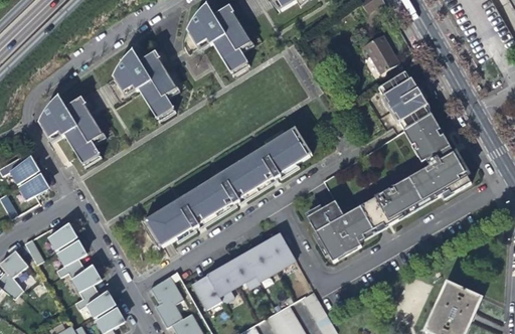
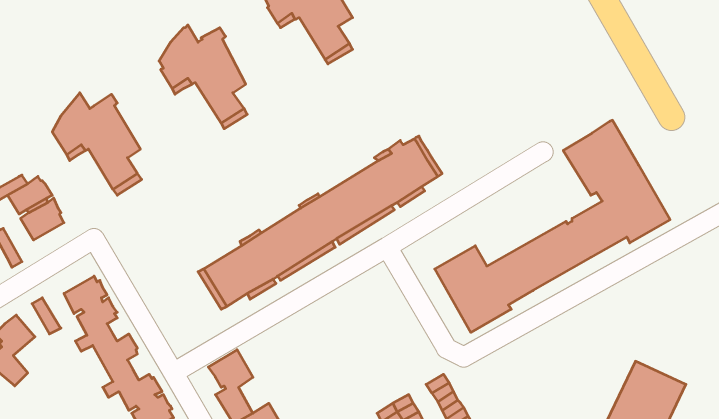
building: [365,34,399,73] -> none
building: [361,72,428,135] -> none
building: [192,232,295,307] -> none

